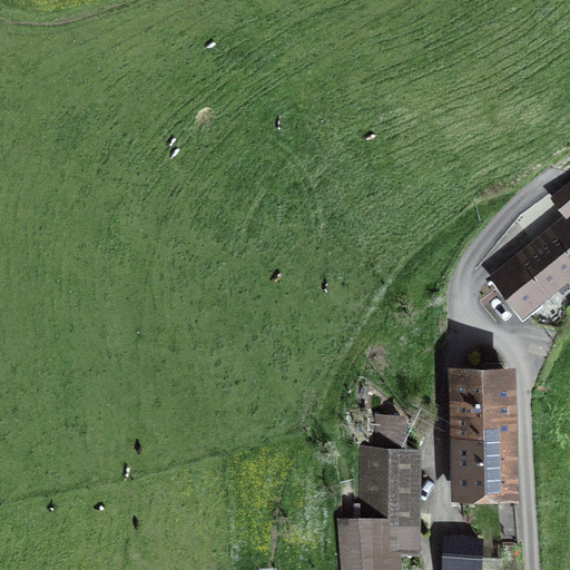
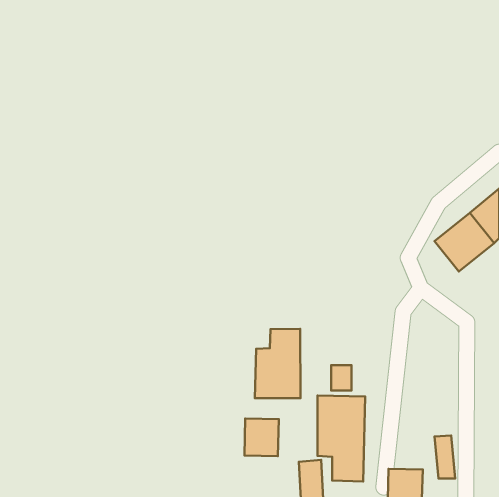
building: [459,373,509,492] -> none
building: none -> [255,329,300,398]
building: none -> [244,419,279,456]

